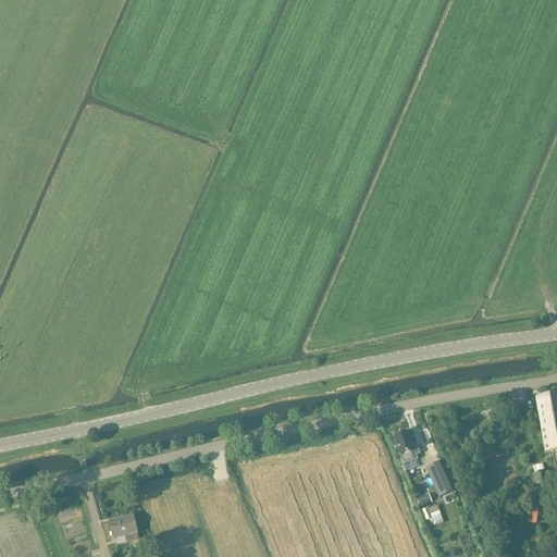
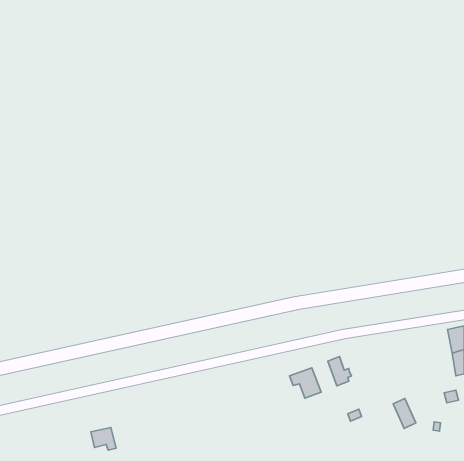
building: none -> [289,368,321,398]
building: [426,459,454,495] -> [393,398,416,428]

